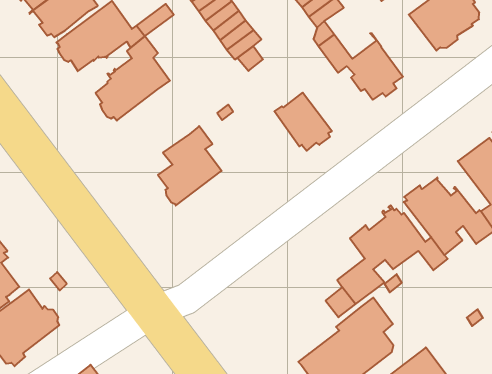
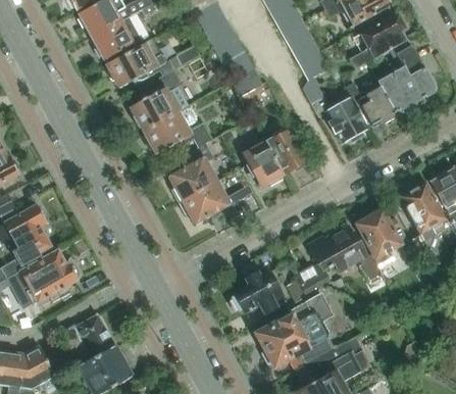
building: none -> [348,81,396,125]
building: none -> [144,107,212,154]
building: none -> [241,140,284,188]
building: none -> [180,180,253,224]
building: none -> [232,272,285,315]

